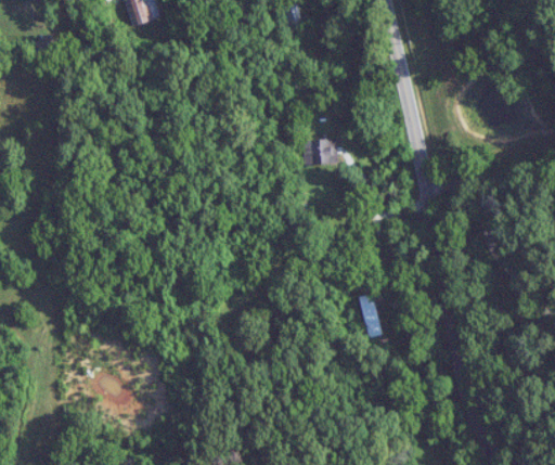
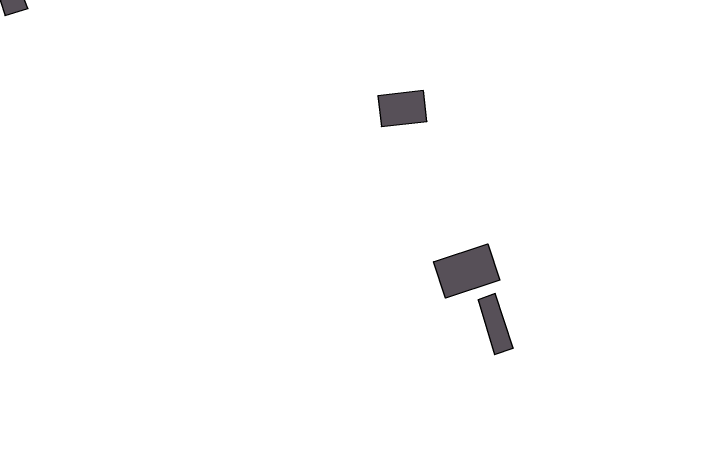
building: none -> [434,244,500,298]

